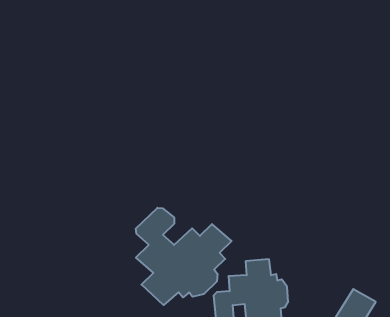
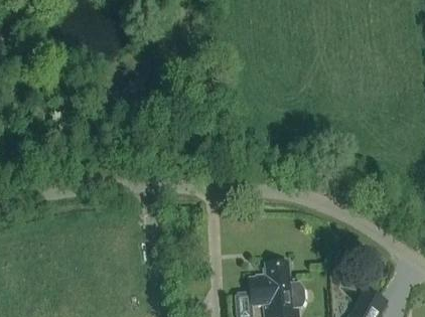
building: [136,208,232,305] -> none

